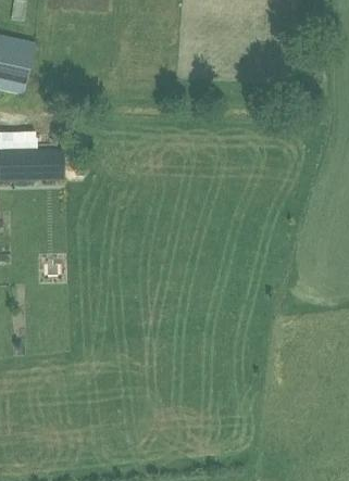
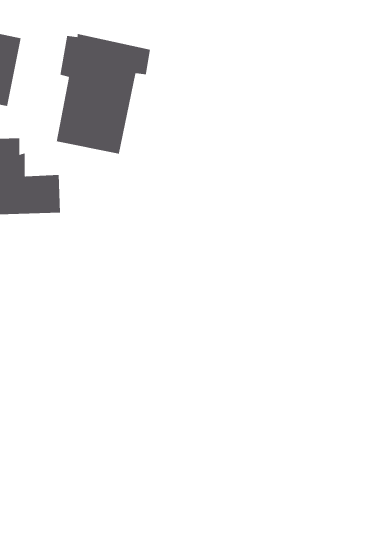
building: none -> [56,33,151,155]

